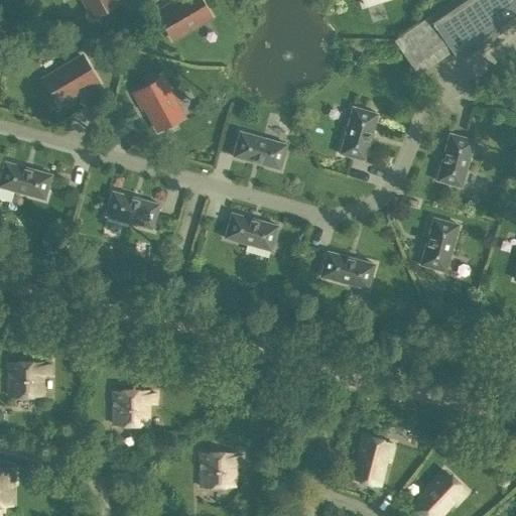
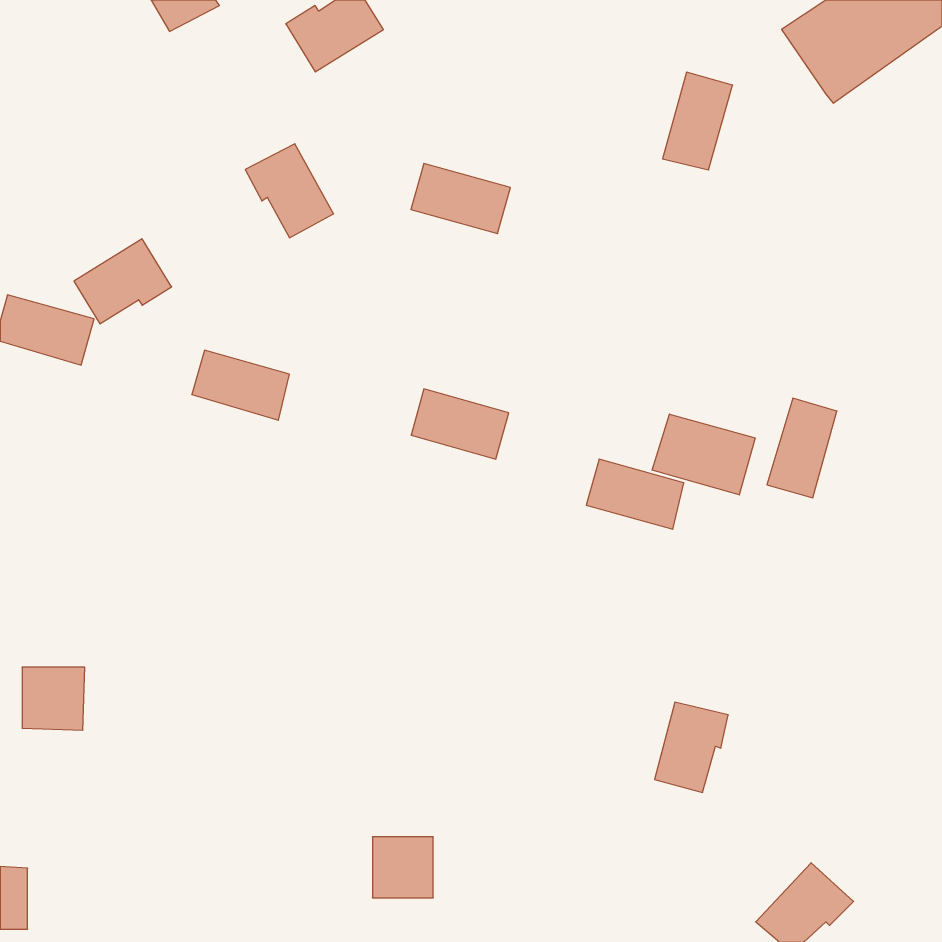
building: [44,56,98,103] -> [74,239,172,324]
building: [339,107,377,160] -> [663,72,733,170]
building: [232,131,286,169] -> [411,164,510,234]
building: [436,133,474,187] -> none
building: none -> [652,414,755,495]
building: [114,391,147,424] -> none
building: [353,436,393,486] -> [655,702,728,792]

